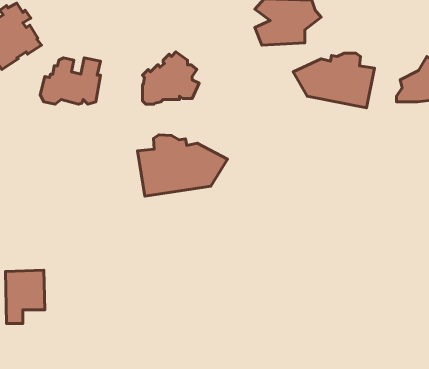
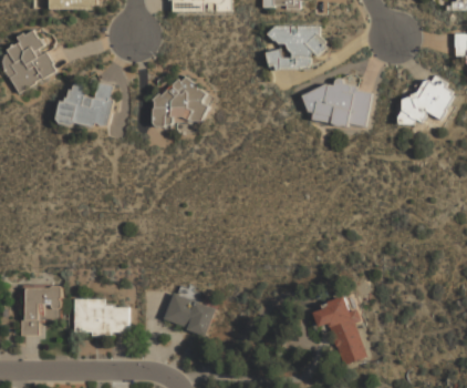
building: [137,135,227,196] -> none
building: none -> [163,293,216,336]
building: none -> [74,298,128,334]
building: none -> [312,298,365,365]

